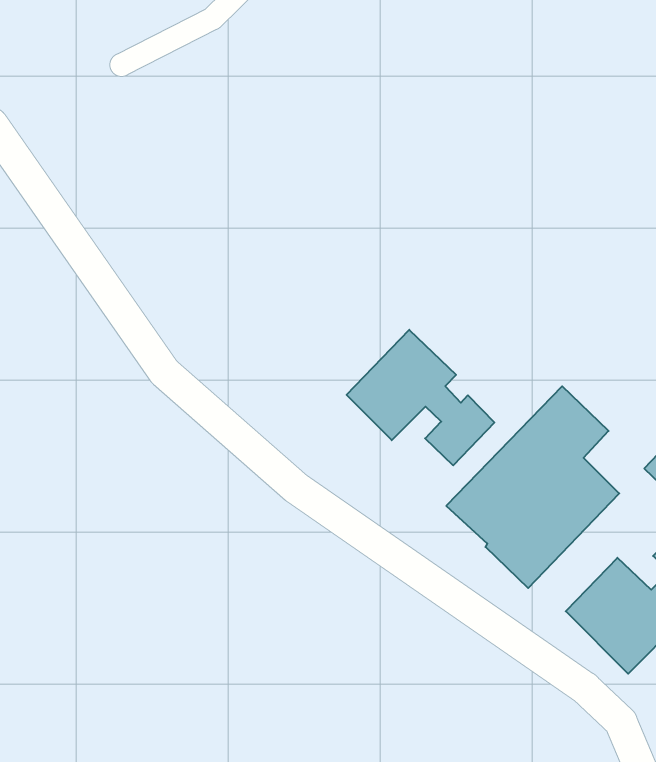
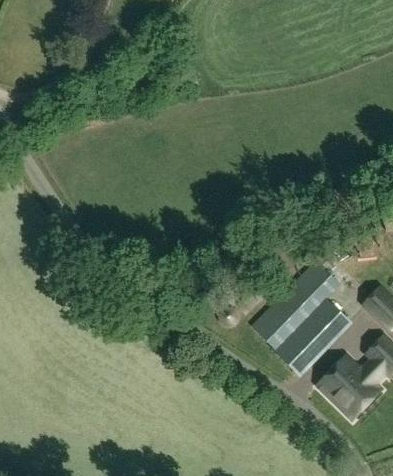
building: [347,330,494,465] -> none

